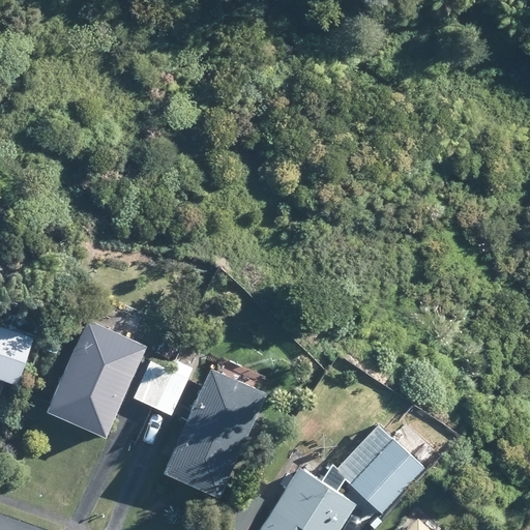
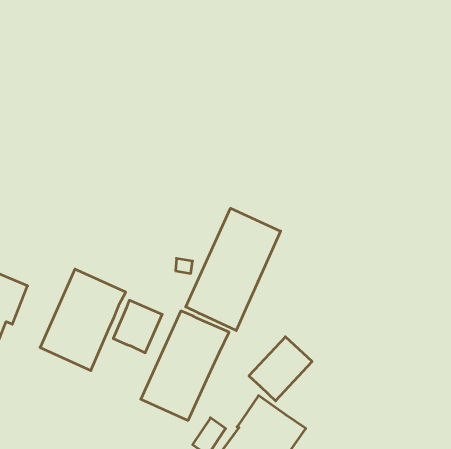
building: none -> [186,208,281,331]
building: [350,439,423,513] -> [249,337,312,401]

